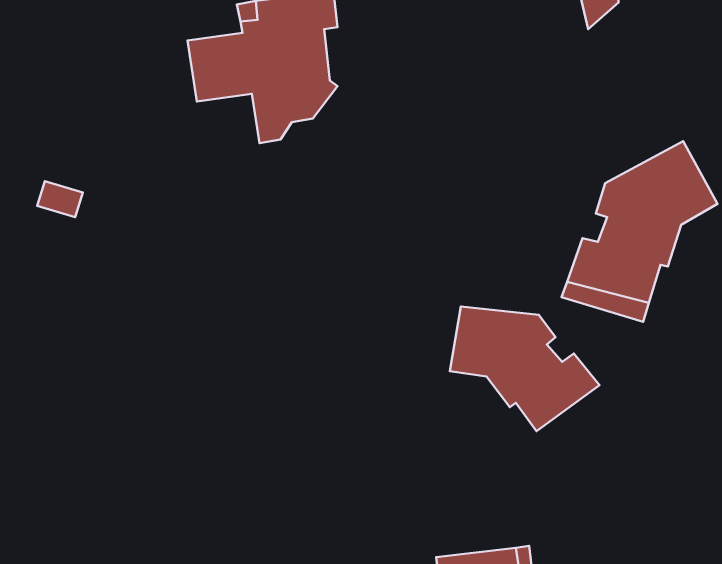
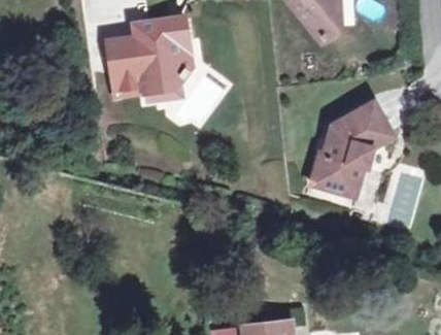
building: [450,306,599,431] -> none

